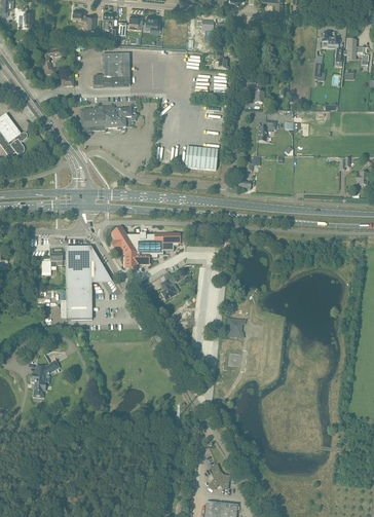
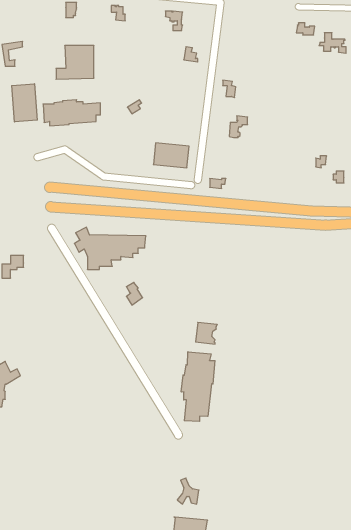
building: none -> [12,84,37,122]
building: [66,252,92,319] -> none
building: none -> [181,352,215,421]

